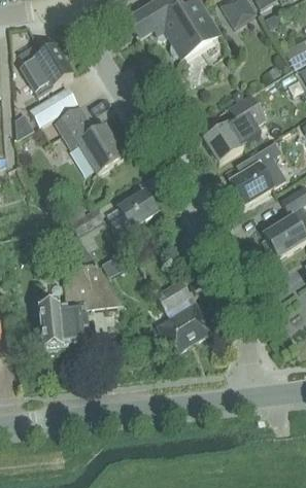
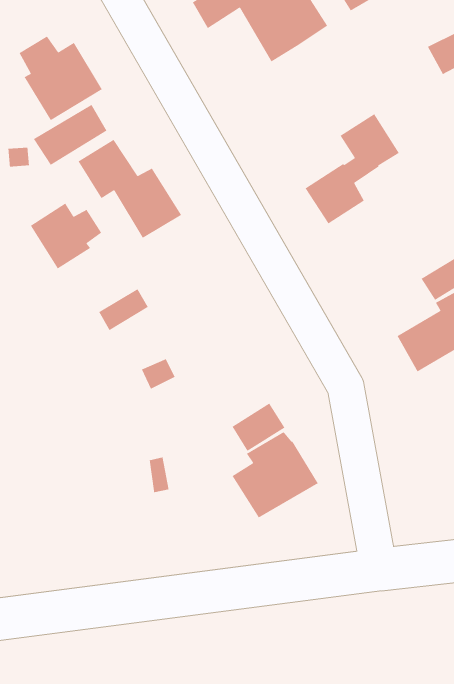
building: [231,142,285,204] -> none
building: none -> [30,203,102,269]
building: [114,190,158,238] -> none
building: [39,264,124,355] -> none

